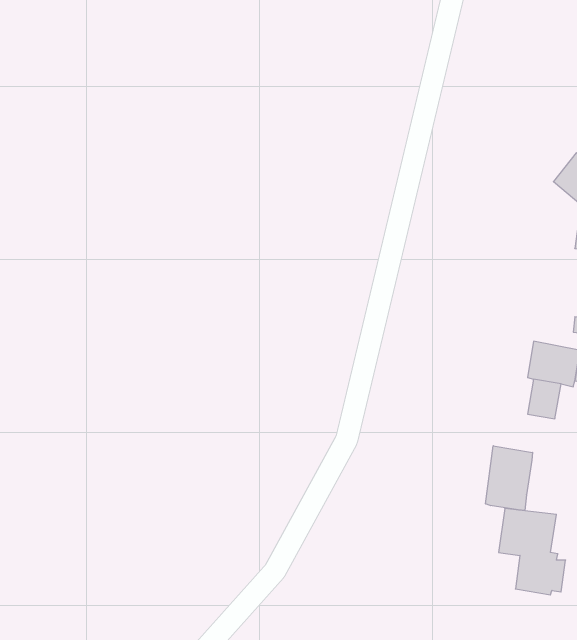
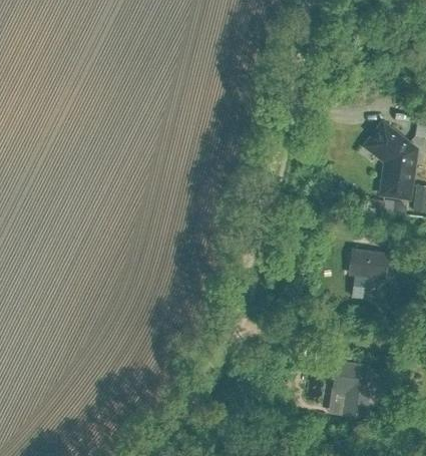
building: [486,446,533,510] -> none

